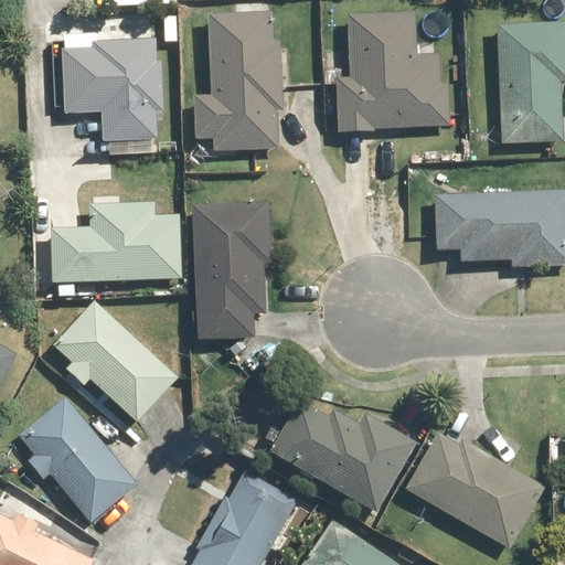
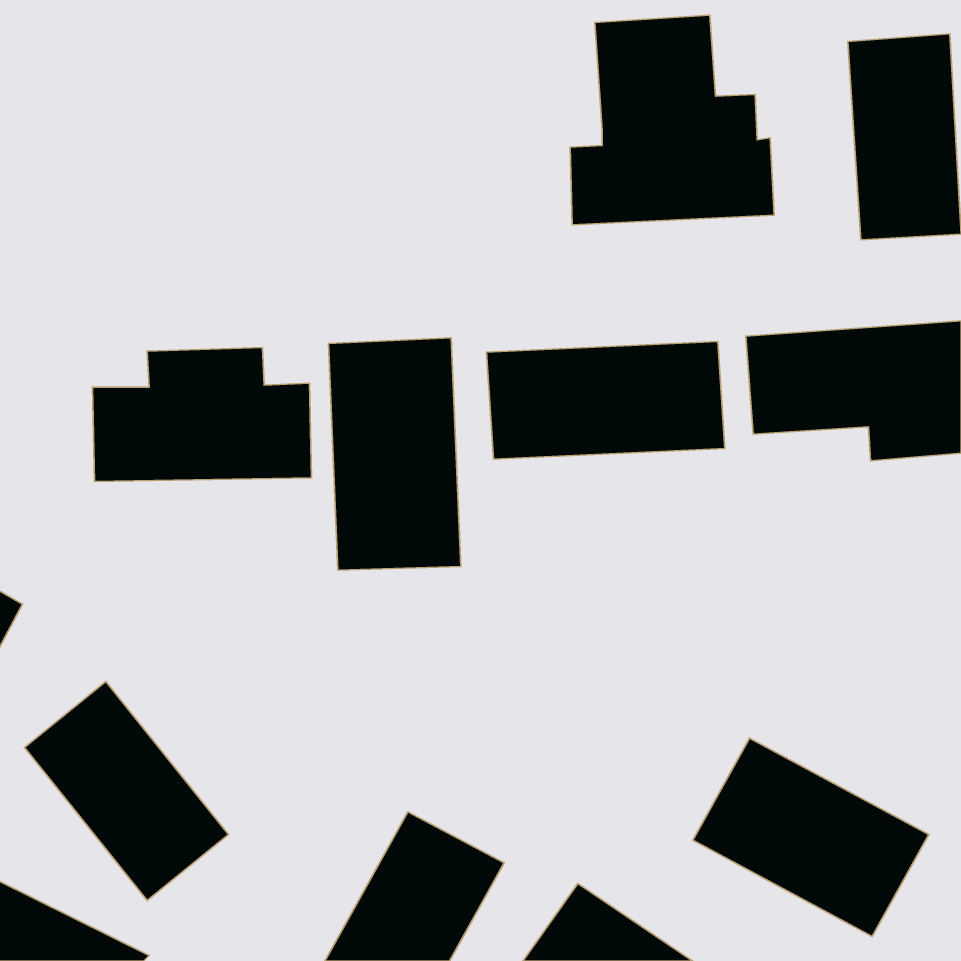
building: [196,11,278,151] -> none
building: [62,42,159,145] -> none
building: none -> [486,341,725,459]
building: [53,300,178,420] -> none
building: [274,382,417,510] -> none

